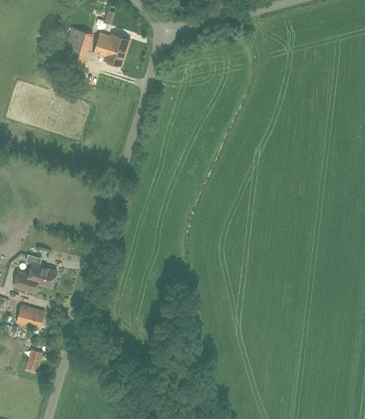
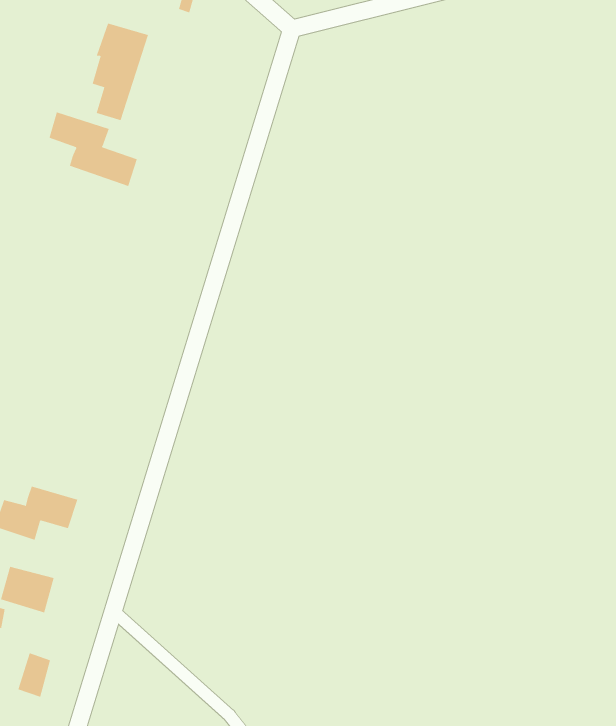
building: [94,32,130,64] -> none
building: none -> [49,112,137,187]

